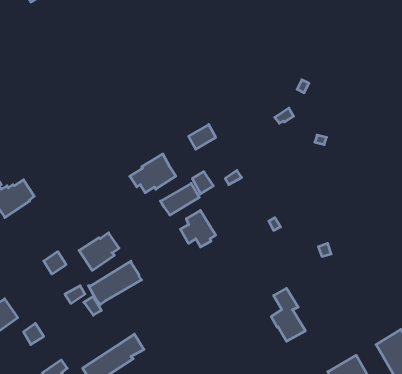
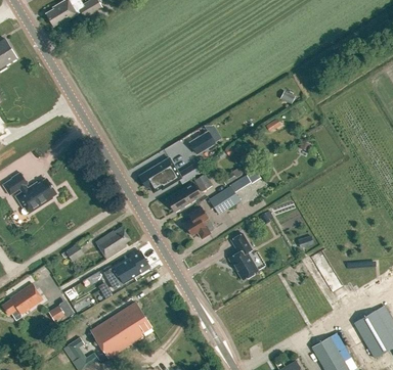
building: none -> [208,169,260,215]
building: [271,288,305,341] -> [228,234,258,280]
building: none -> [90,302,143,343]

